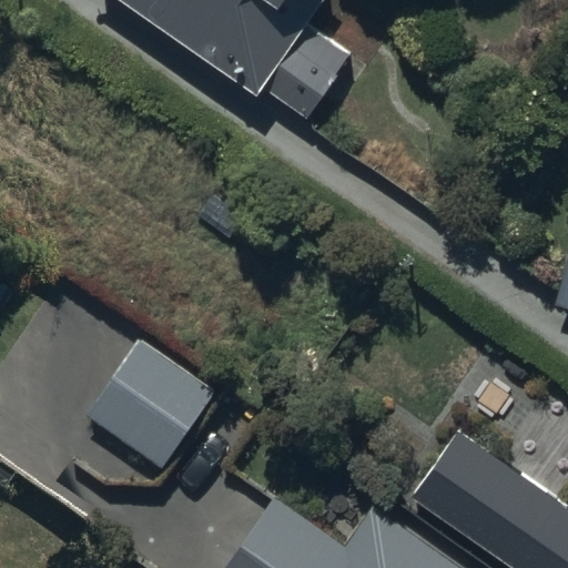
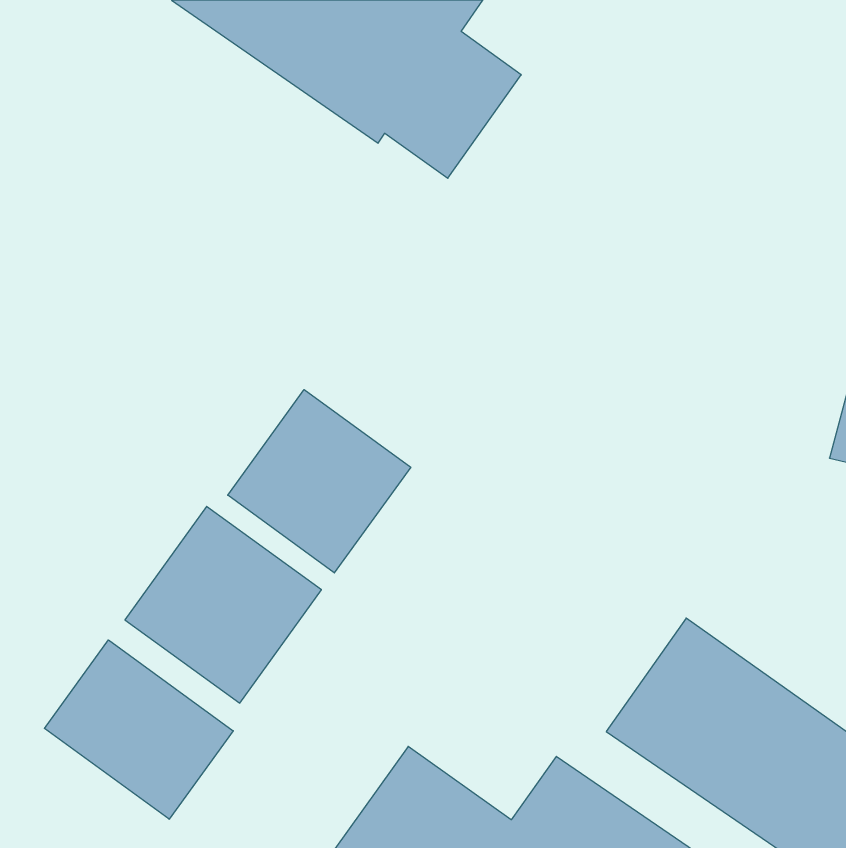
building: none -> [228,390,411,573]
building: none -> [44,640,233,819]

